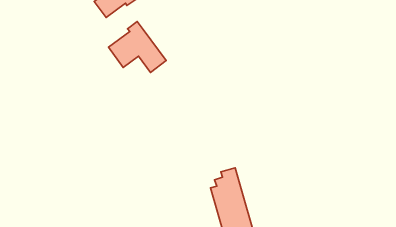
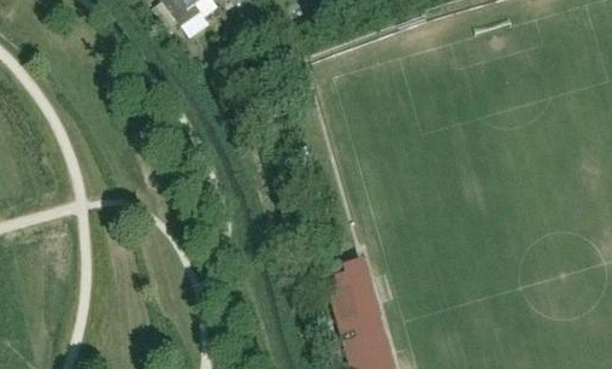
building: [108,21,166,72] -> none

